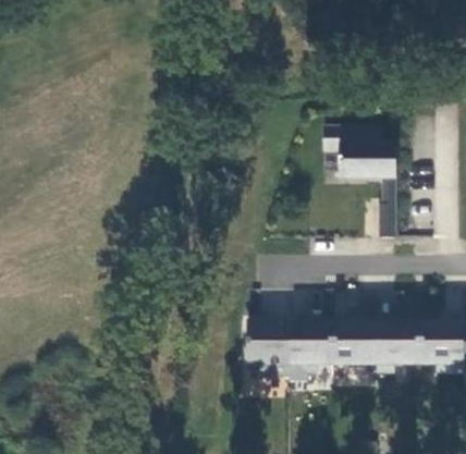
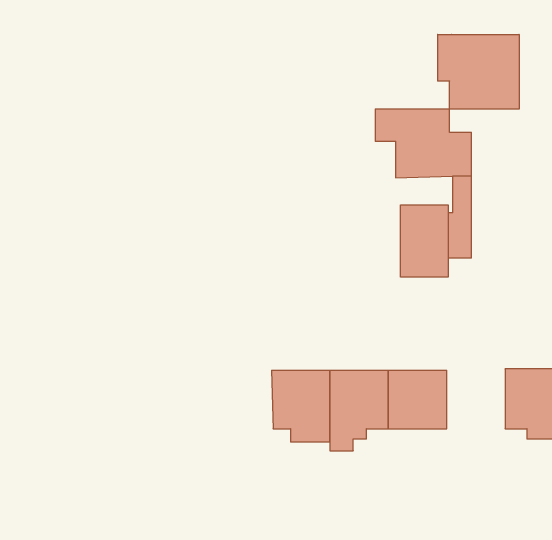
building: none -> [438,34,519,109]
building: none -> [401,205,448,277]
building: [378,323,421,376] -> none

